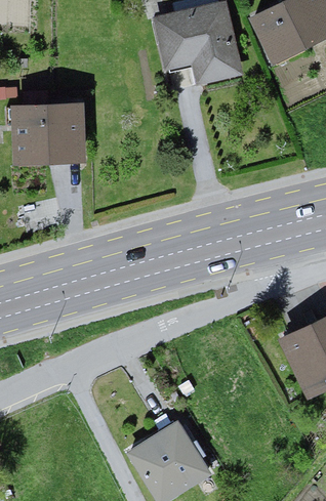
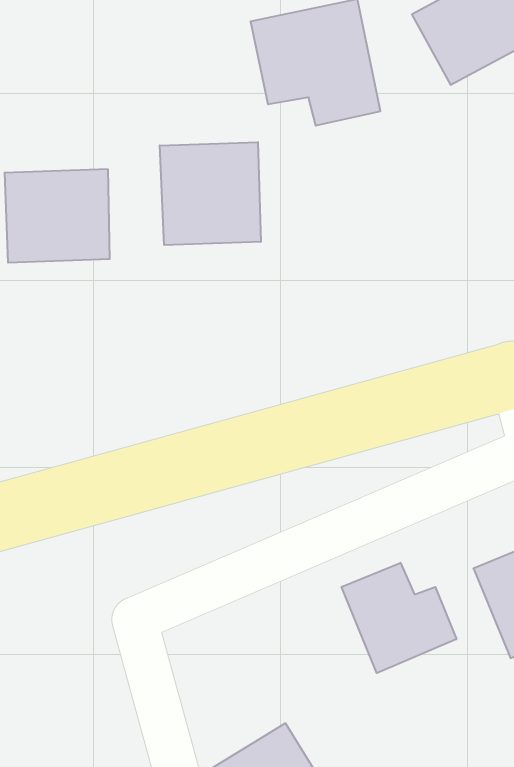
building: none -> [160,142,261,245]
building: none -> [341,563,456,673]

